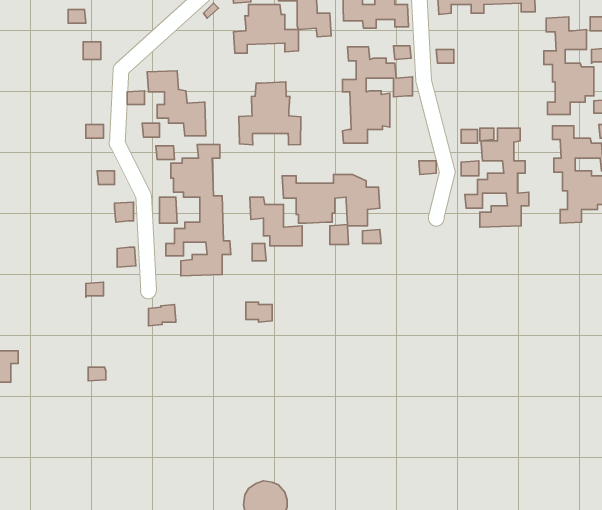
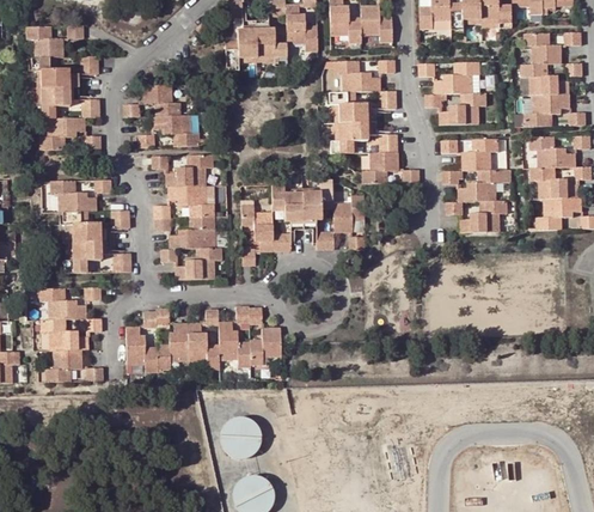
building: none -> [26,26,99,150]
building: none -> [425,62,486,124]
building: [239,82,301,145] -> none
building: none -> [362,134,398,184]
building: none -> [49,181,109,273]
building: none -> [39,287,102,382]
building: none -> [125,309,281,372]
building: none -> [221,417,263,459]

